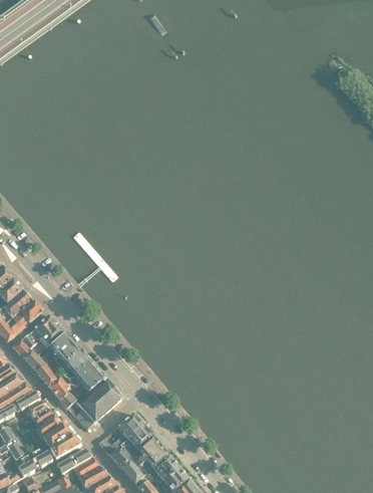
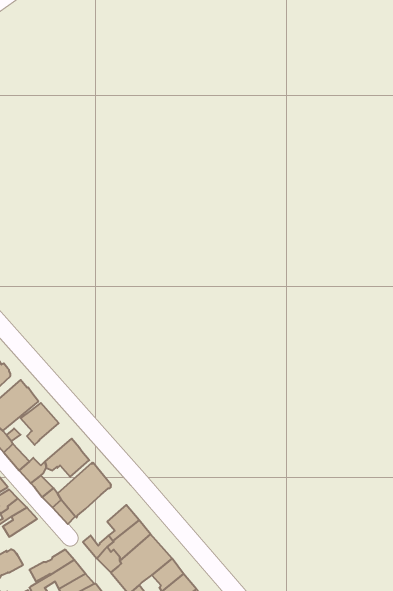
building: [65,348,90,379] -> none
building: [43,424,81,458] -> none

